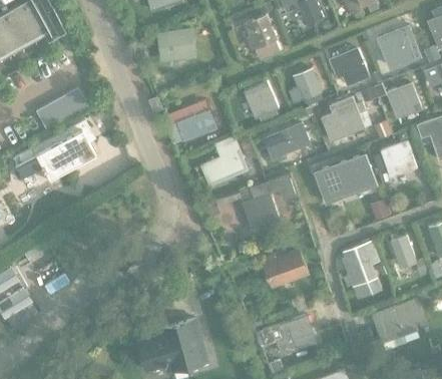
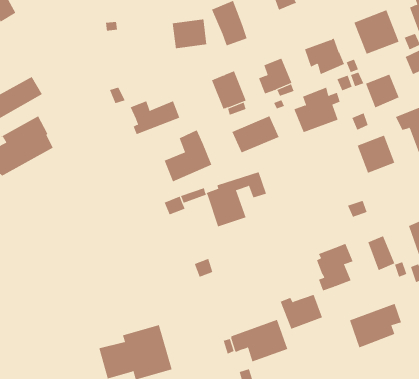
building: [158,32,191,60] -> [172,19,207,49]
building: [315,154,378,204] -> none
building: [264,252,304,285] -> [280,294,323,329]

